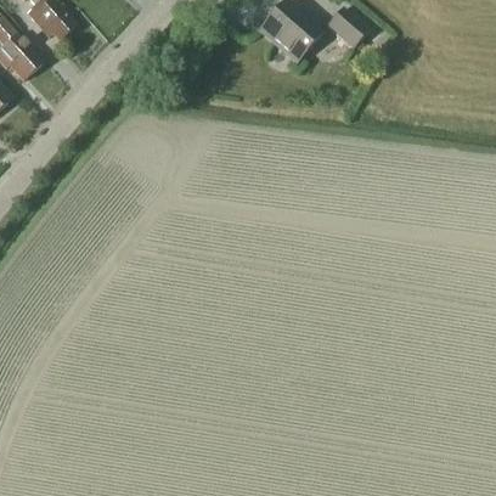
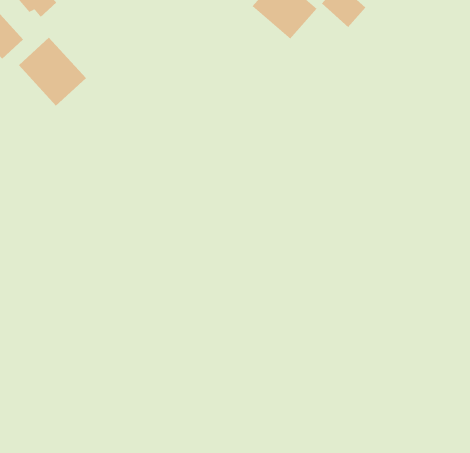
building: none -> [18,37,87,107]

